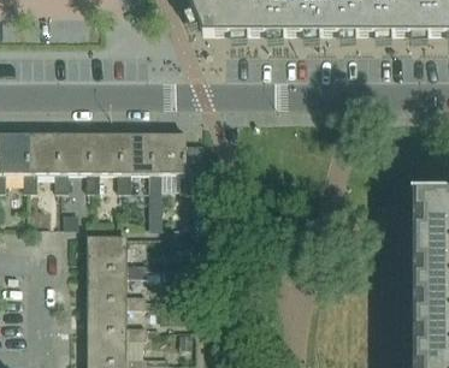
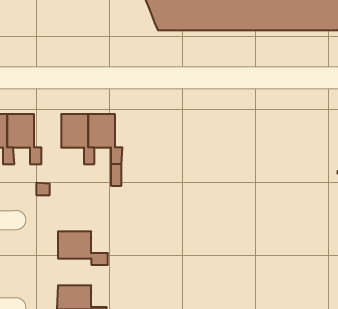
building: [61,133,100,191] -> none
building: [155,133,205,191] -> none
building: [89,237,147,277] -> none
building: [89,301,147,339] -> none

